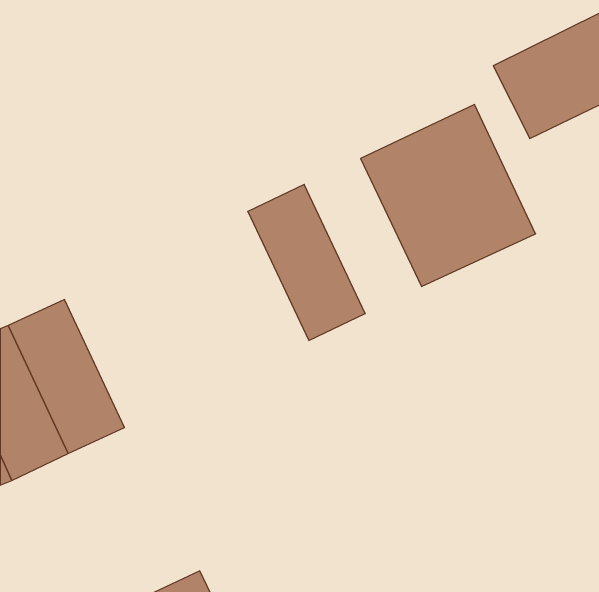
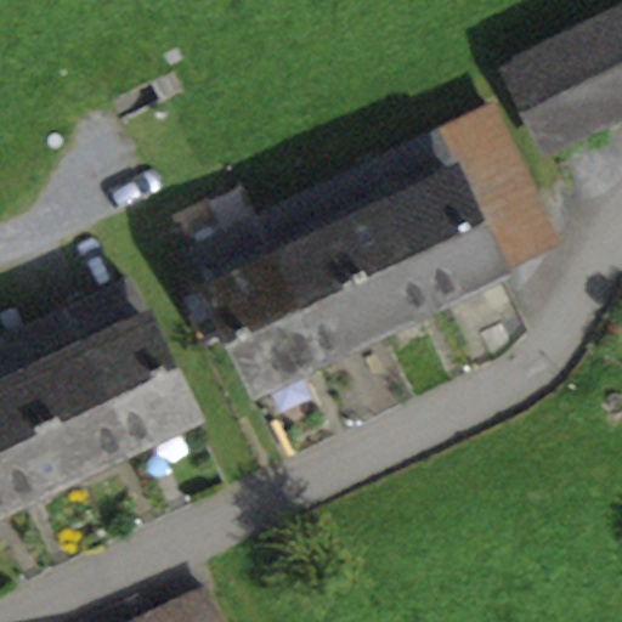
building: none -> [316,173,437,333]
building: none -> [196,227,321,390]
building: none -> [68,289,193,451]

